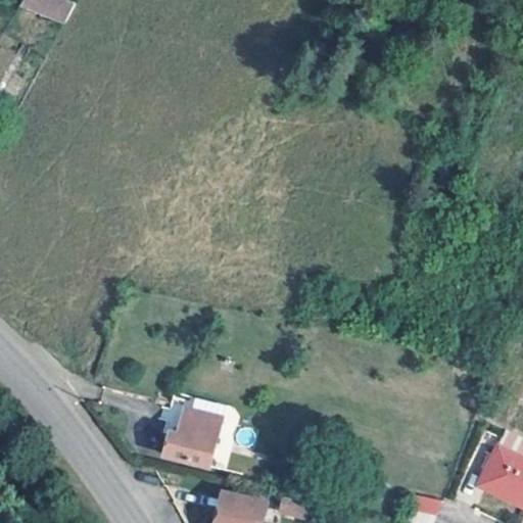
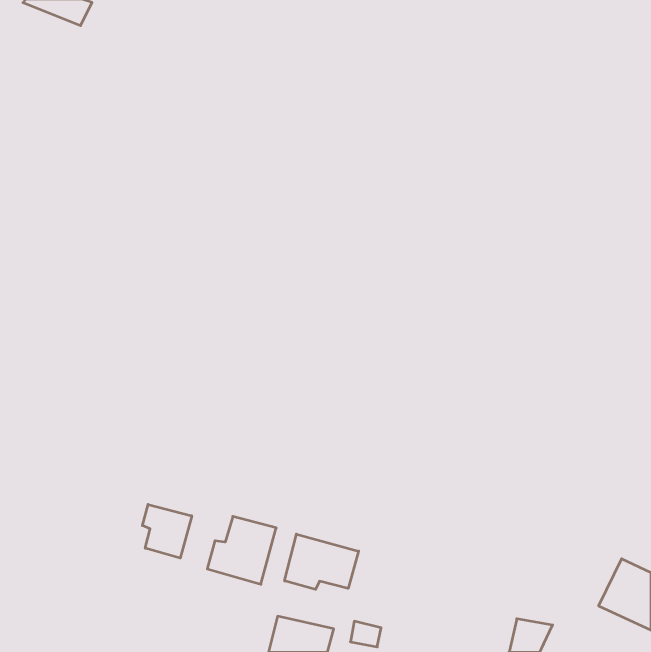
building: none -> [142,504,192,558]
building: none -> [285,534,359,589]

